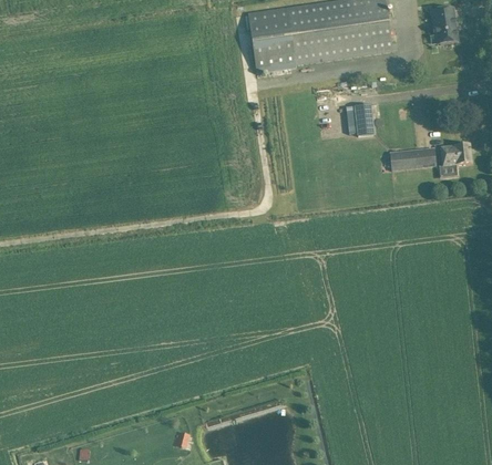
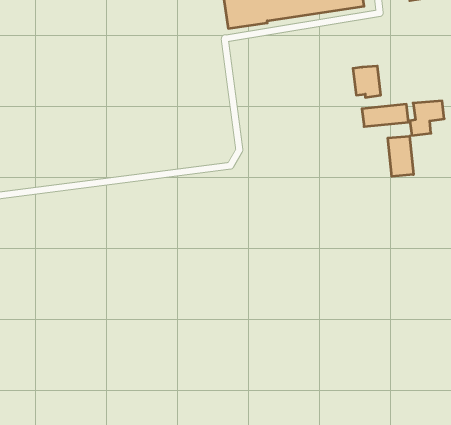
building: [345,103,372,134] -> [353,66,381,97]
building: none -> [388,136,413,176]

